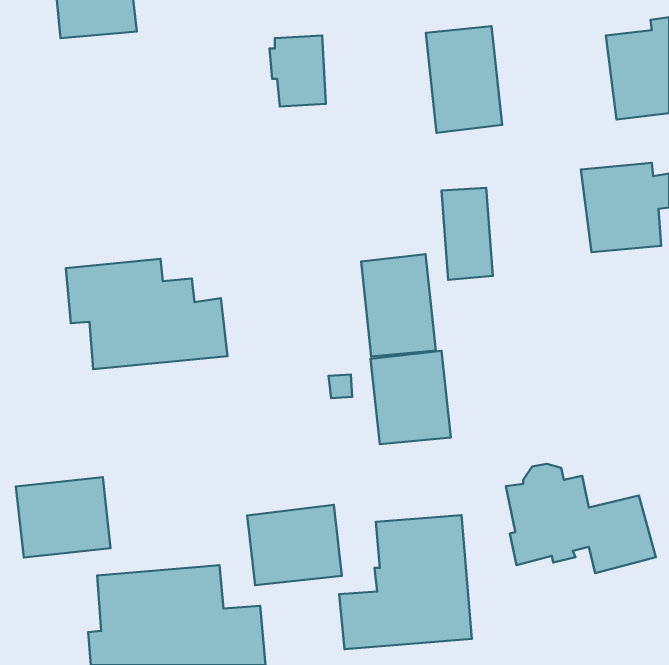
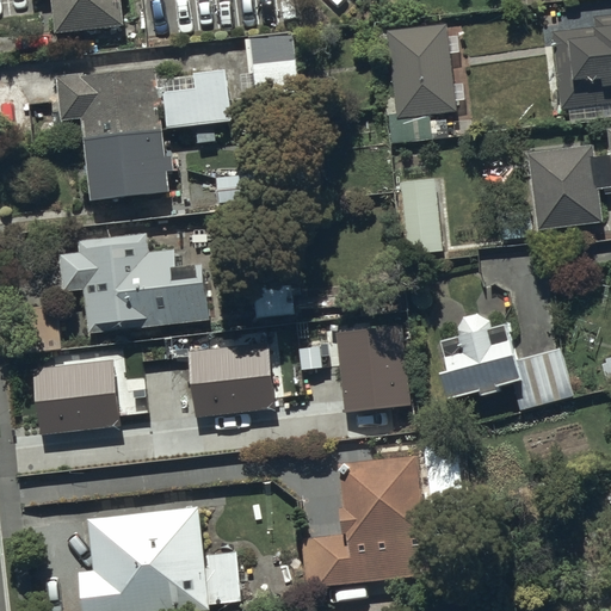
building: none -> [57,69,229,203]
building: [361,254,436,356] -> none
building: [506,464,656,573] -> [439,315,575,414]
building: [16,477,111,557] -> [33,352,119,425]
building: [247,505,342,585] -> [189,335,274,408]

